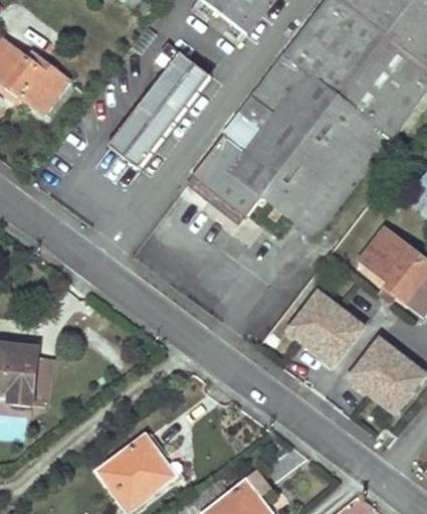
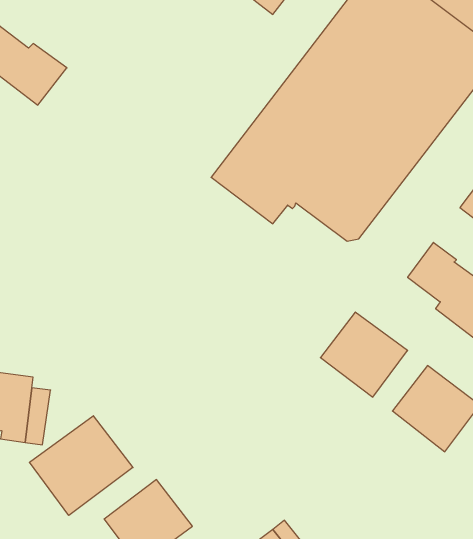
building: [110,42,208,167] -> none
building: none -> [29,416,133,515]

